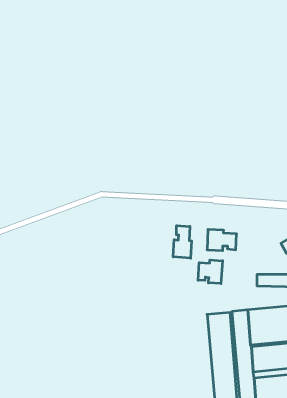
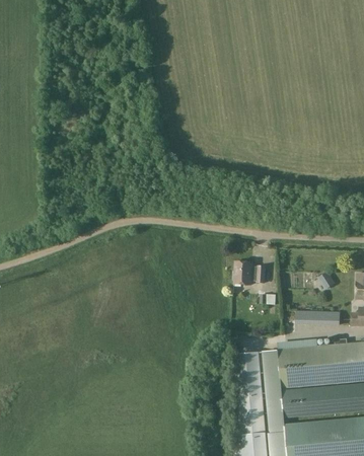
building: [173,226,192,258] -> none
building: [198,260,223,284] -> none

